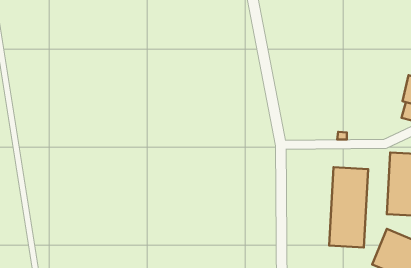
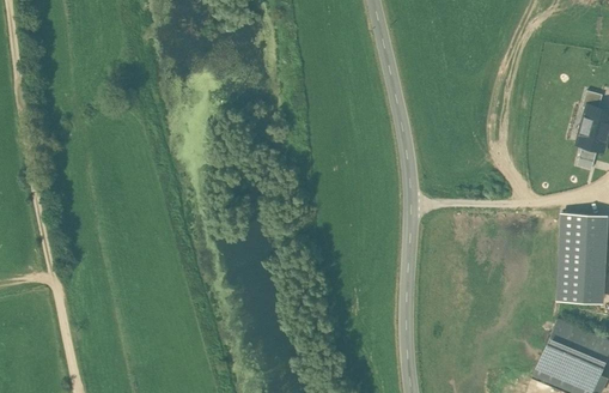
building: [329,167,368,248] -> none

